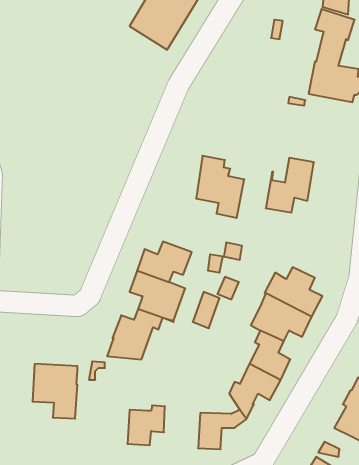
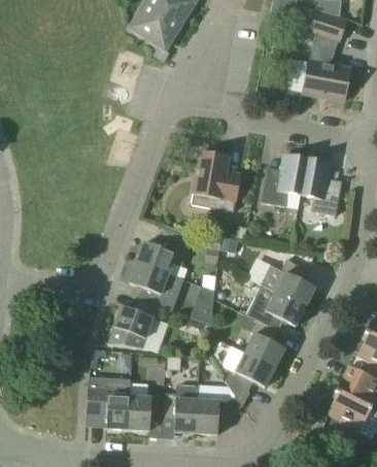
building: none -> [301,158,342,215]
building: [32,364,77,419] -> [87,376,130,429]
building: none -> [163,387,198,433]

